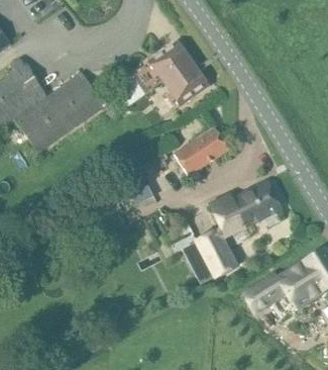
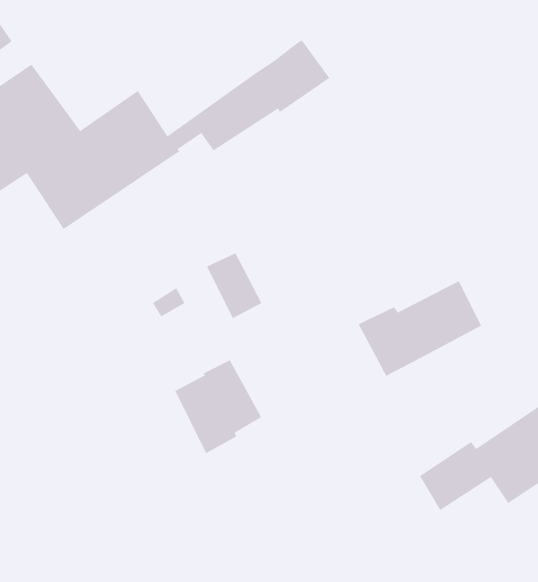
building: [163,63,208,107] -> none
building: [175,126,228,175] -> none
building: [182,229,232,284] -> [174,360,262,454]

